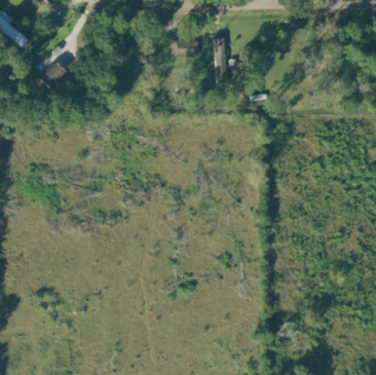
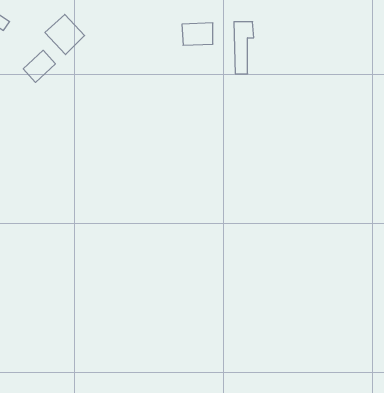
building: none -> [45,14,85,55]

